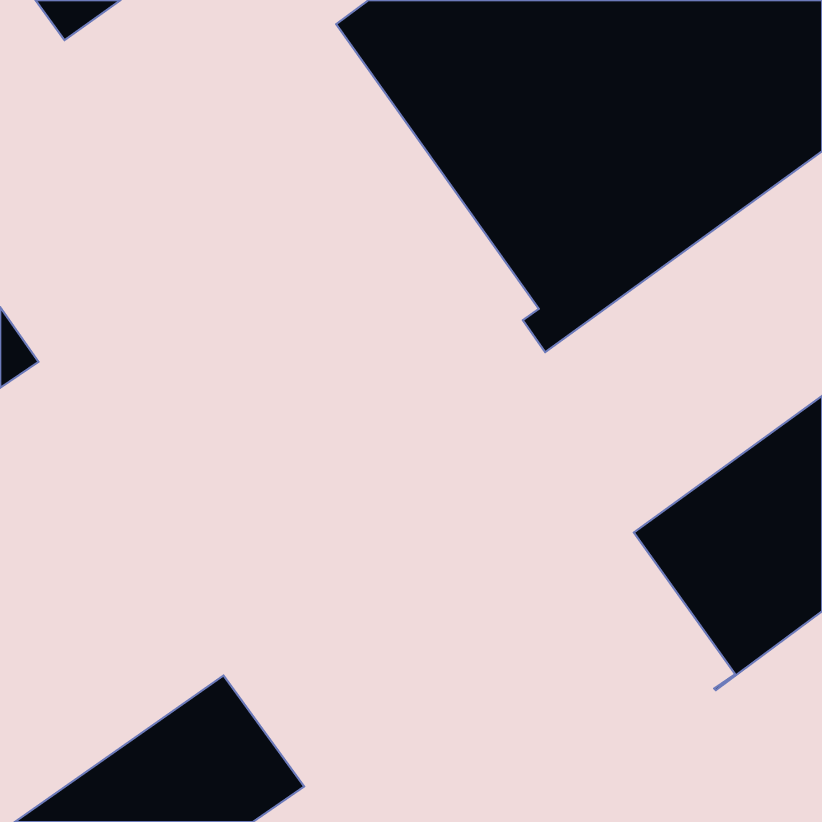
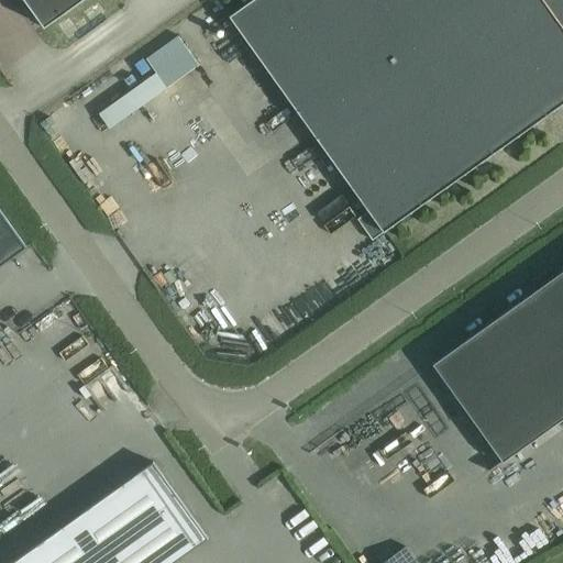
building: none -> [99,35,199,129]

